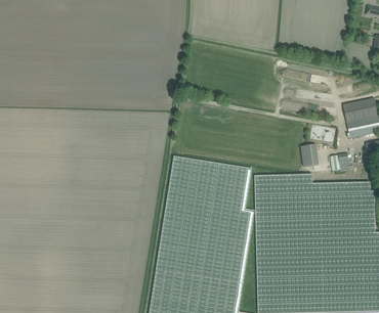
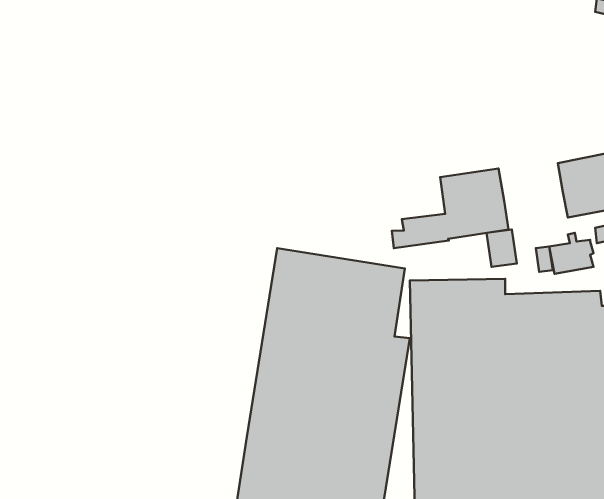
building: none -> [392,168,508,248]

